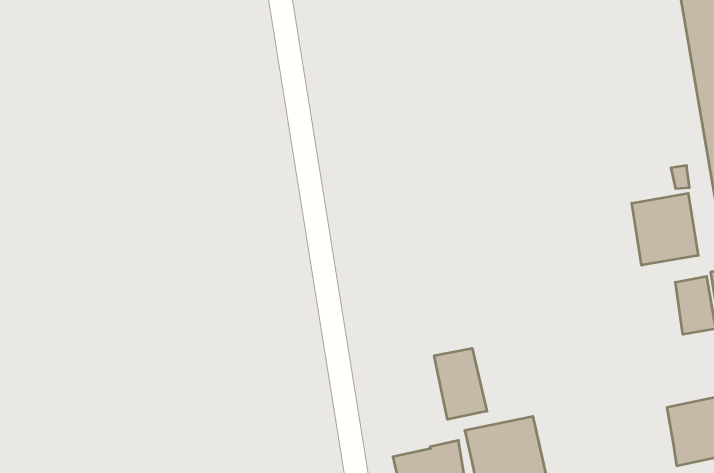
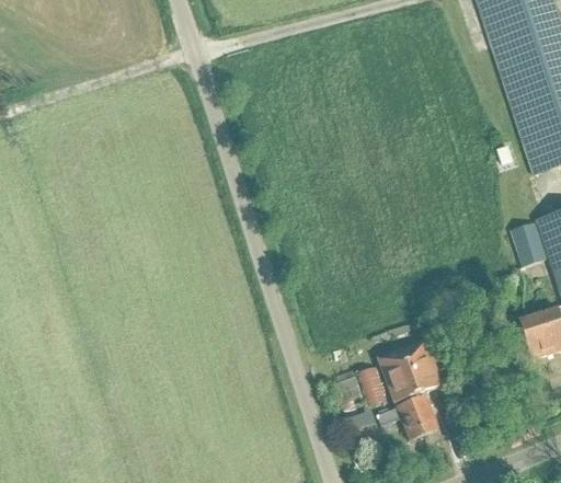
building: [632,193,698,265] -> none
building: [434,348,487,419] -> none

